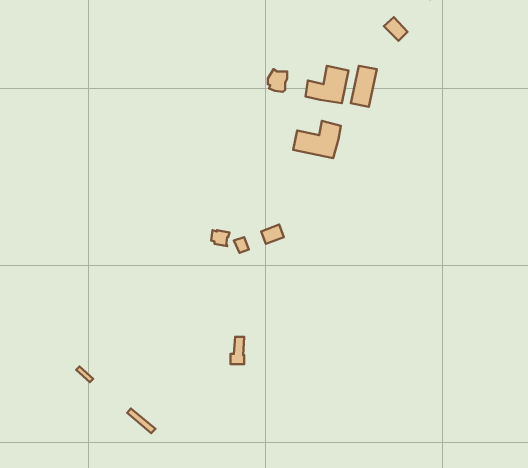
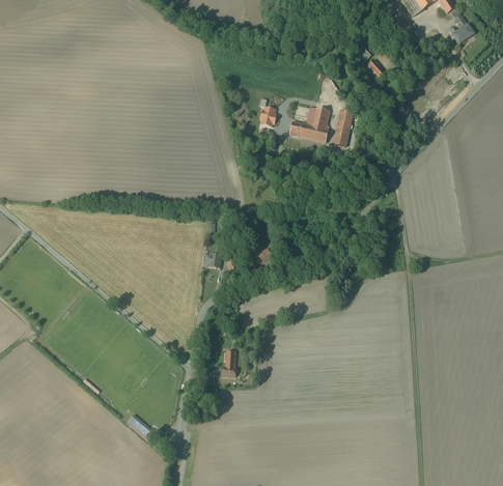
building: [293,121,341,158] -> none

